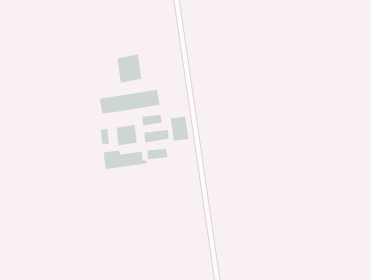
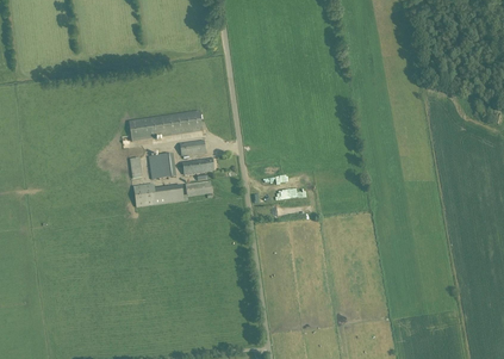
building: [116,54,142,83] -> none
building: [170,116,189,141] -> none

